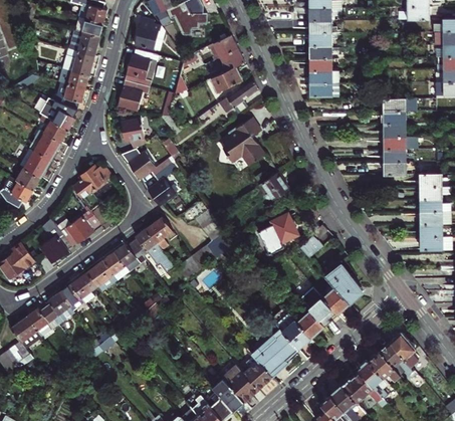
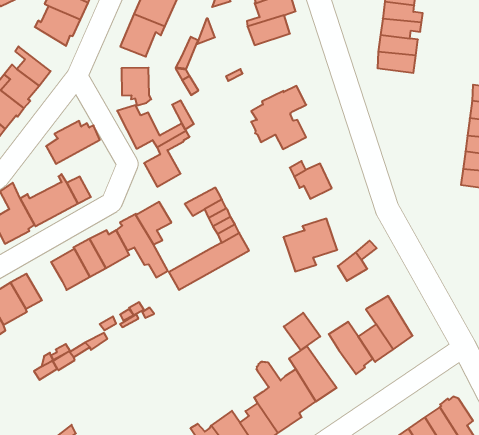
building: [218,78,258,114] -> none
building: [40,97,77,131] -> none
building: [70,272,97,302] -> none
building: [296,309,324,338] -> [284,313,320,350]

